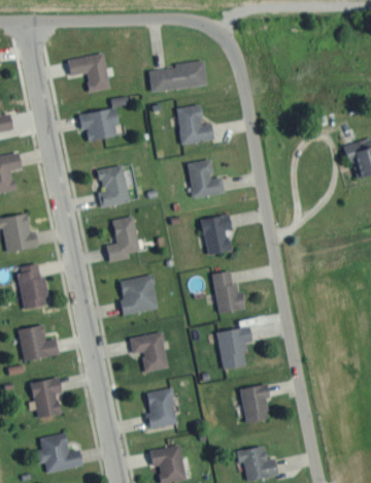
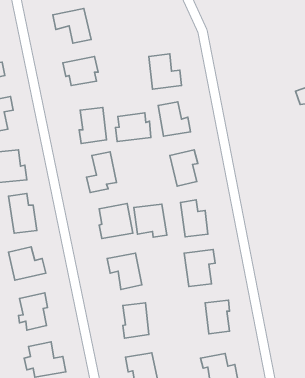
building: [147,61,206,92] -> none
building: none -> [115,113,151,142]
building: none -> [134,204,167,237]

